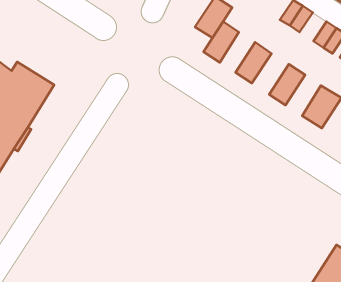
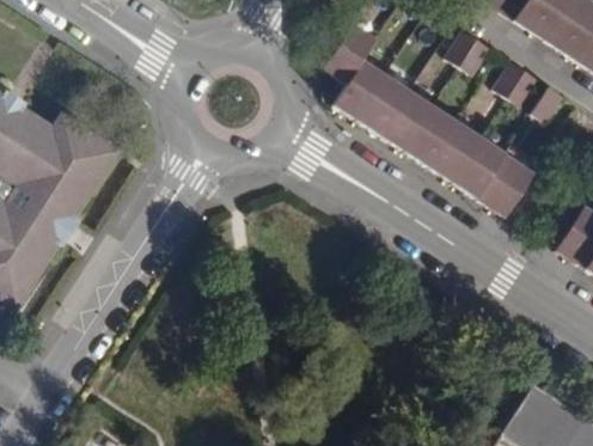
building: none -> [357,75,409,134]
building: none -> [404,106,458,166]
building: none -> [453,138,505,197]

